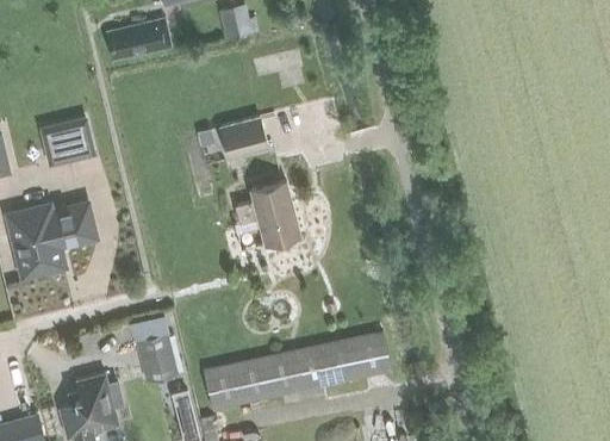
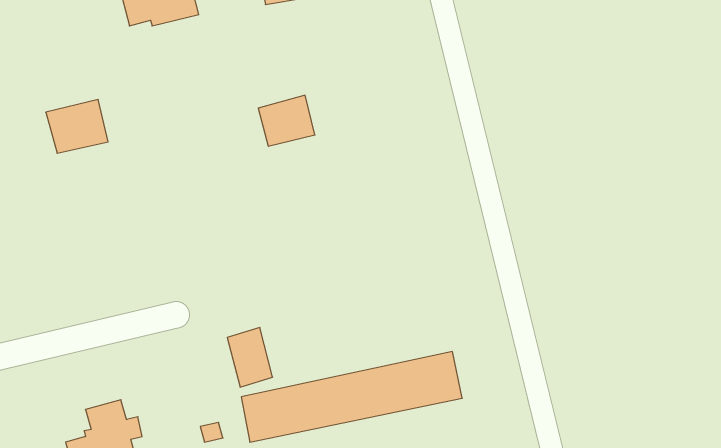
building: [232,181,299,246] -> none
building: [8,205,94,277] -> none
building: [137,329,175,379] -> [227,328,273,387]

